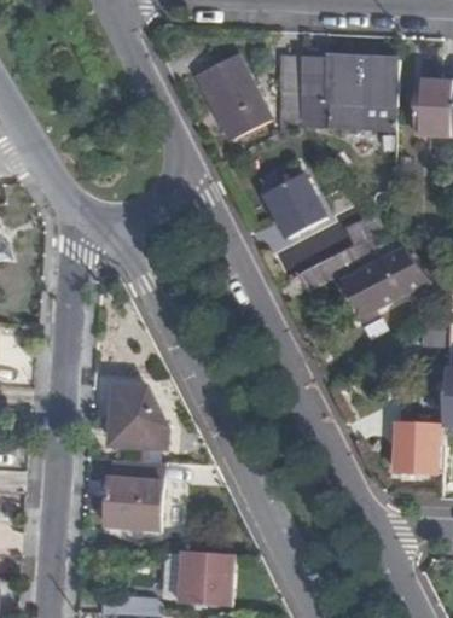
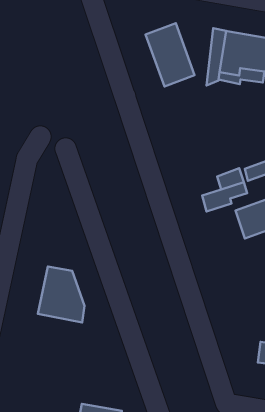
building: [266,175,325,235] -> none
building: [106,460,164,530] -> none

